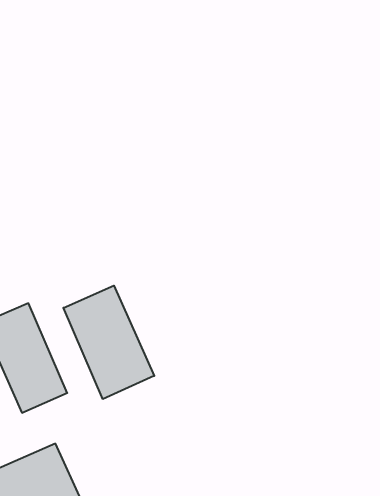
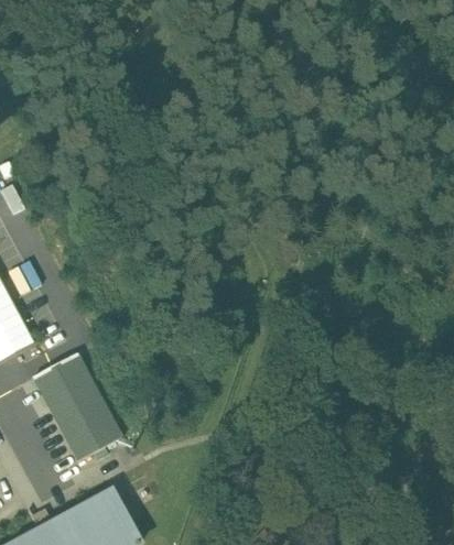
building: [63,286,154,399] -> none

